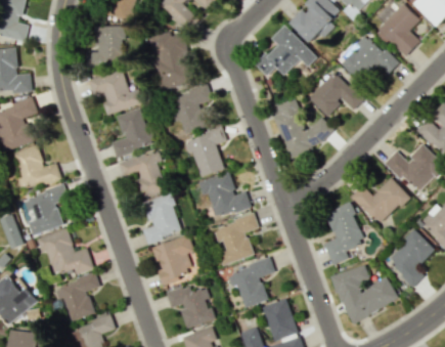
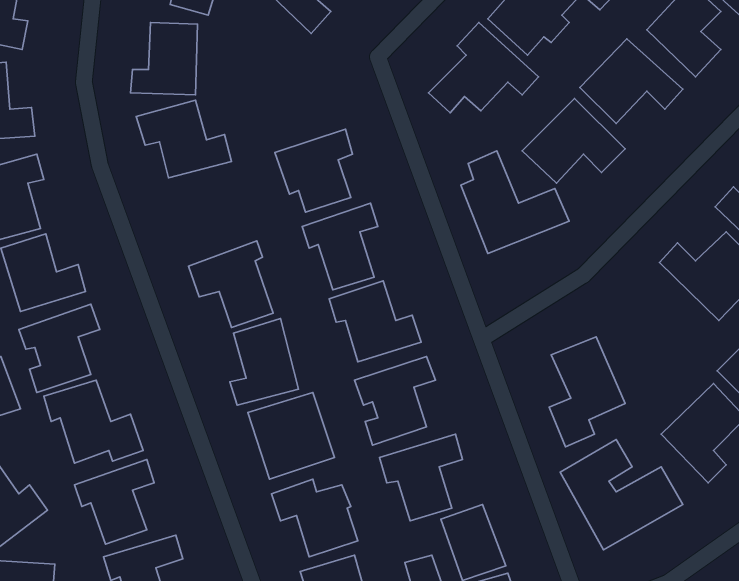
building: [149,31,192,89] -> none
building: [110,109,153,156] -> none
building: [352,177,409,225] -> none

